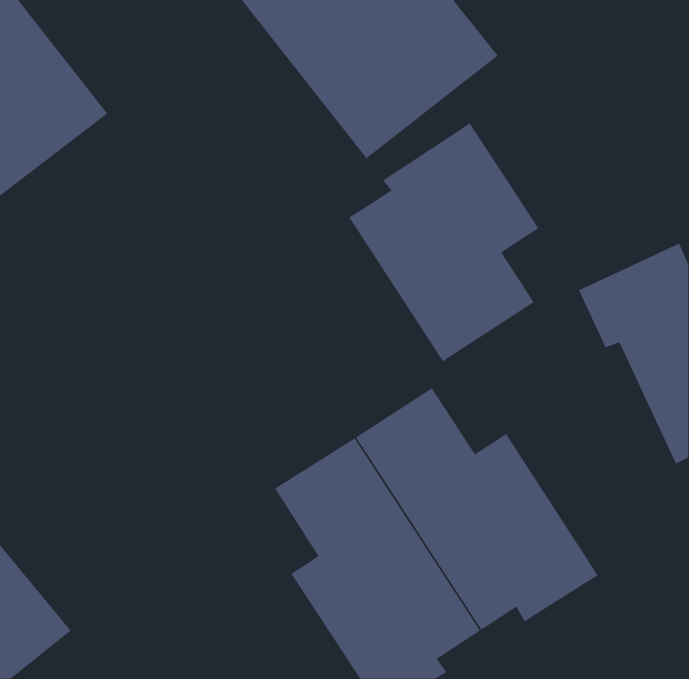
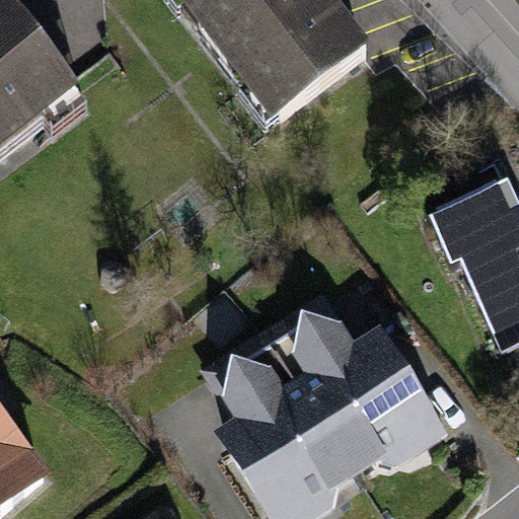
building: [349,123,539,362] -> none

